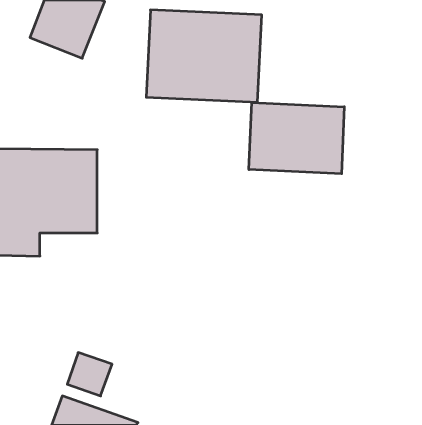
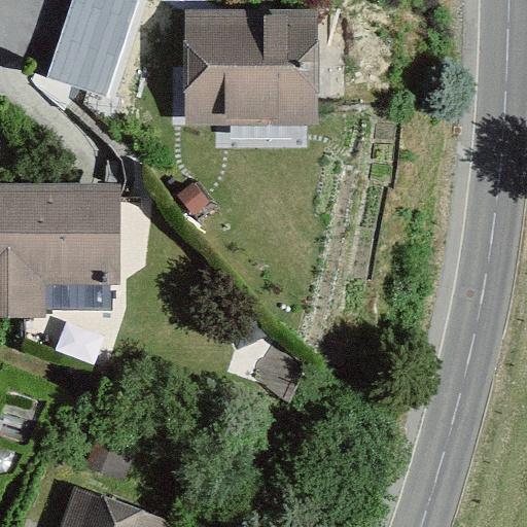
building: [249,103,344,174] -> none

